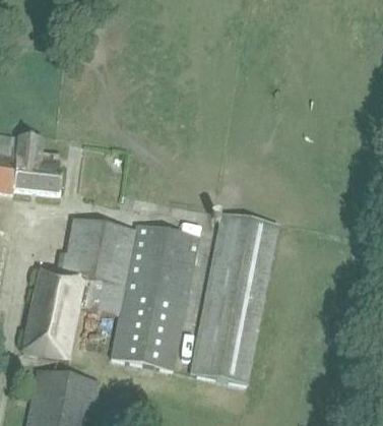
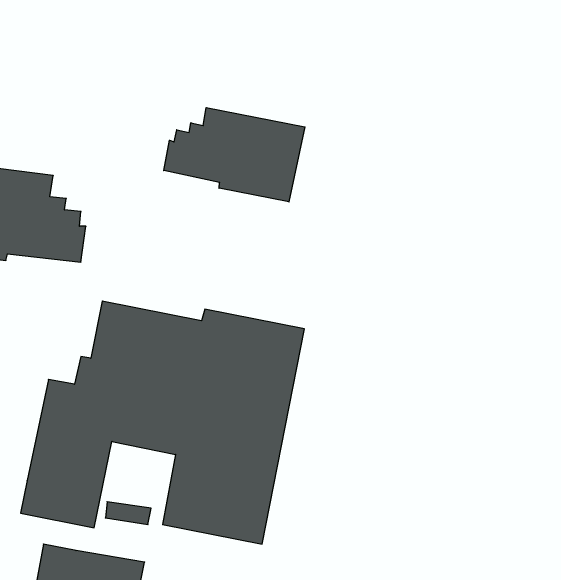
building: none -> [164,108,305,202]
building: [191,212,277,383] -> none

